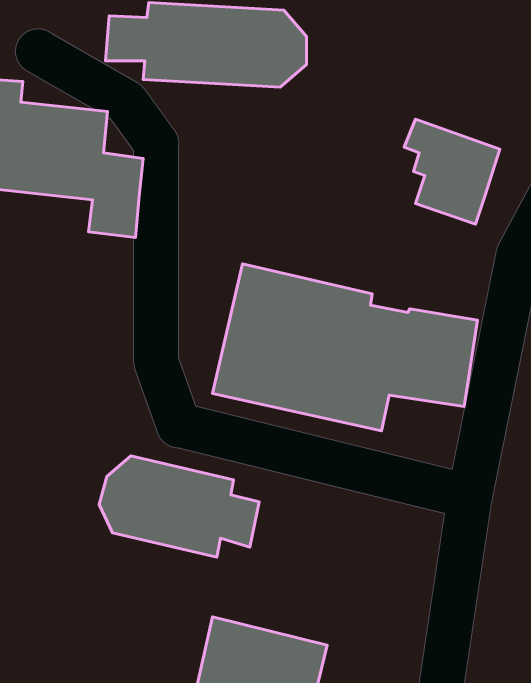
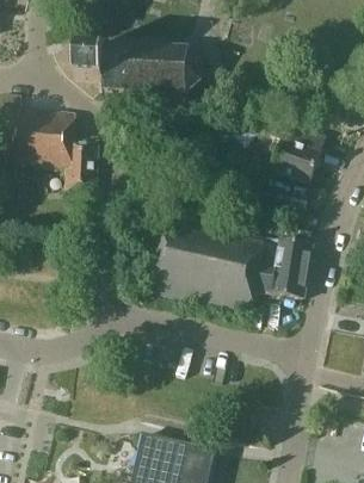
building: [99,456,259,557] -> none

